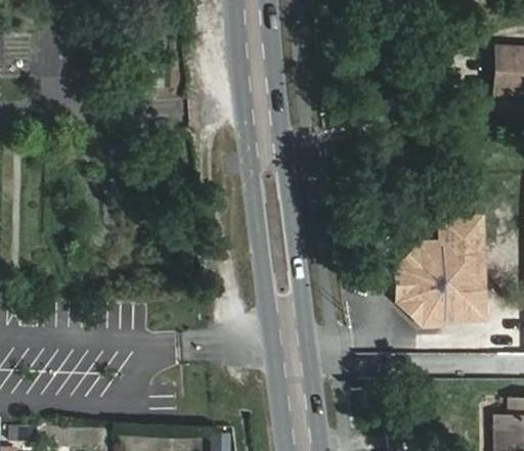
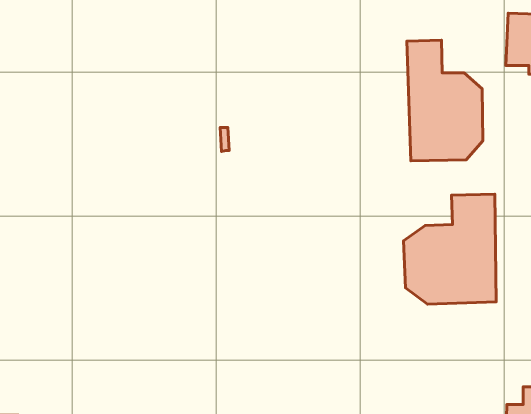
building: none -> [407,40,483,161]

